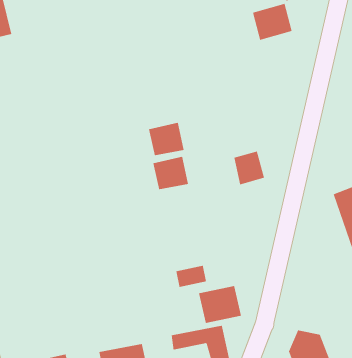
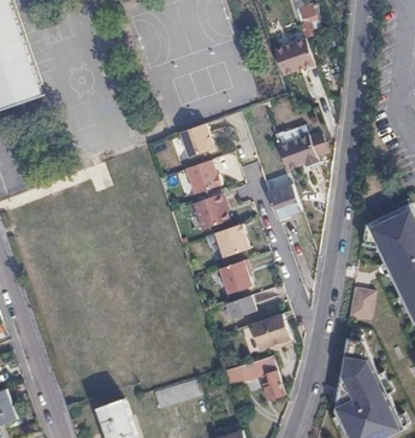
building: none -> [177,129,213,162]
building: none -> [277,135,318,170]
building: none -> [213,227,249,262]
building: none -> [215,265,253,300]
building: none -> [348,288,375,320]

